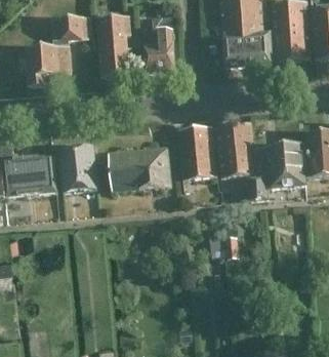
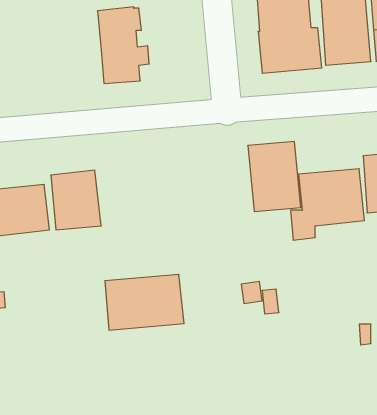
building: [25,14,90,85] -> none
building: [143,16,174,71] -> none
building: [176,125,216,179] -> none
building: [108,147,170,191] -> [105,274,184,330]

